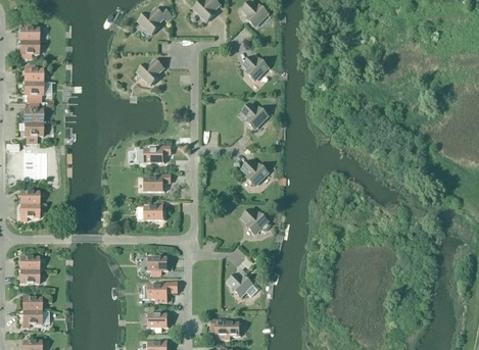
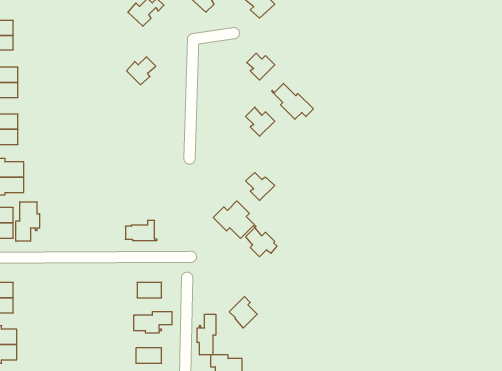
building: none -> [272,83,313,119]
building: [142,145,171,162] -> none
building: [142,173,171,191] -> none
building: none -> [213,201,256,238]
building: none -> [16,202,40,241]
building: none -> [197,314,216,355]

